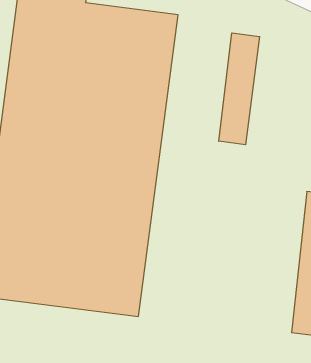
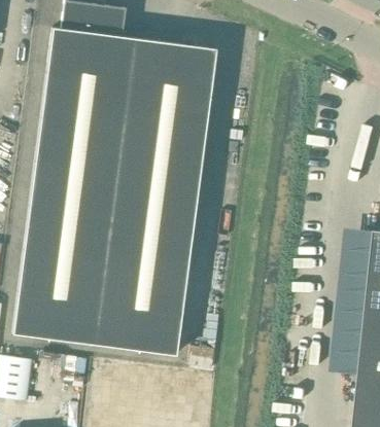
building: [219,33,260,145] -> none

